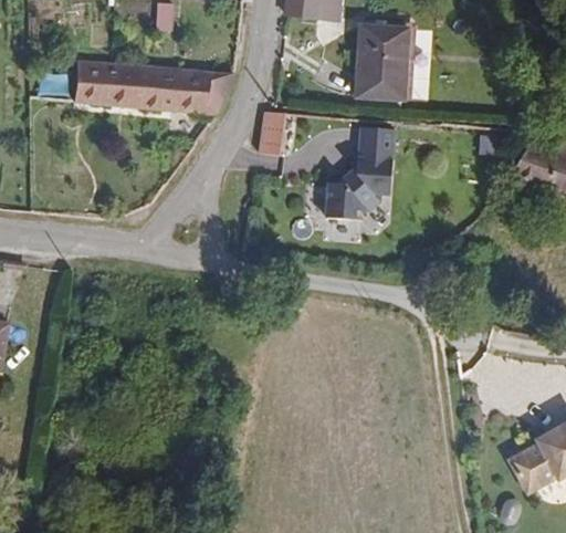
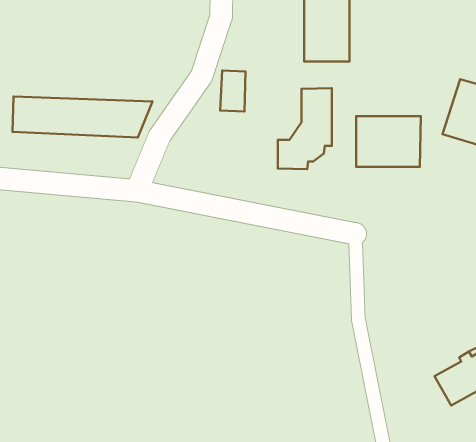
building: [72,64,230,111] -> [12,96,152,138]
building: none -> [356,116,421,167]

